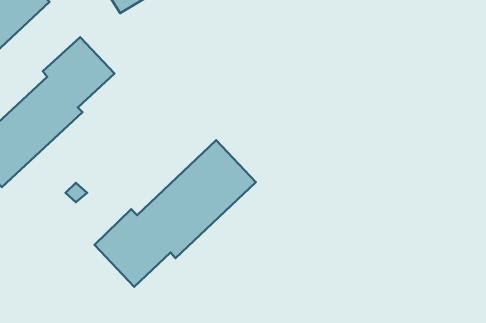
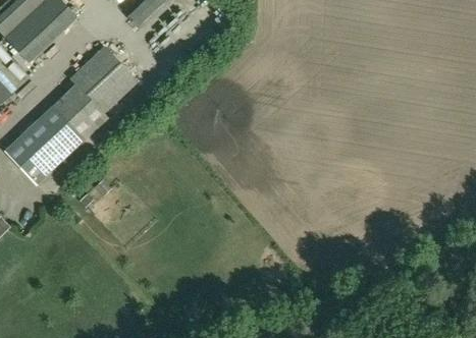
building: [95,140,256,287] -> none

